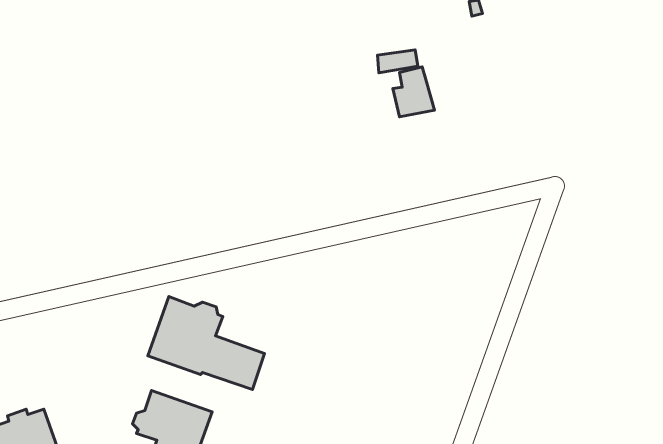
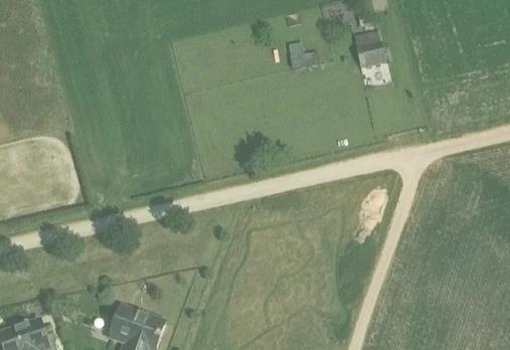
building: [393,67,434,117] -> [355,29,386,66]
building: [148,297,265,390] -> none

